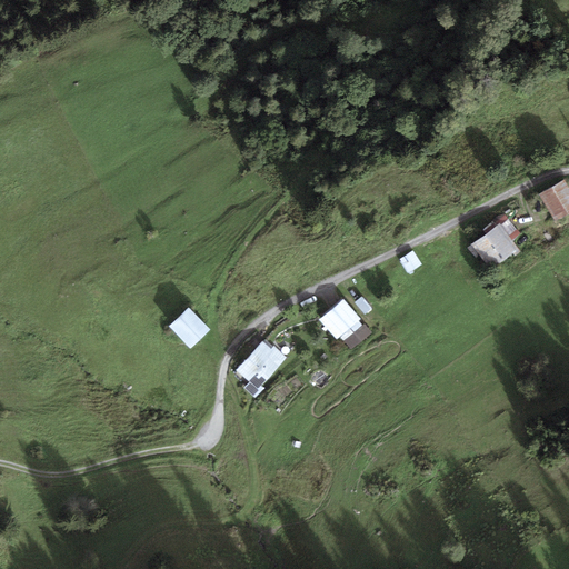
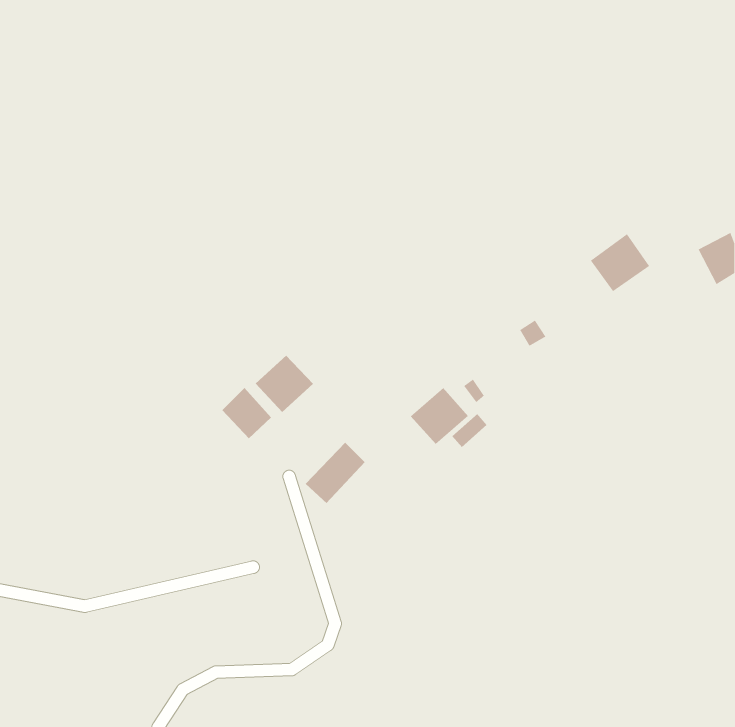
building: [472,223,519,269] -> [590,233,650,292]
building: none -> [255,355,314,413]

